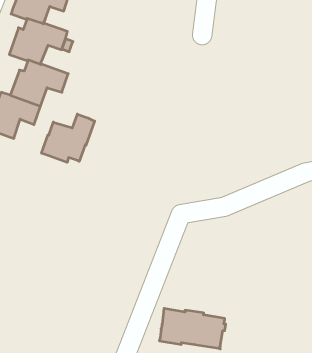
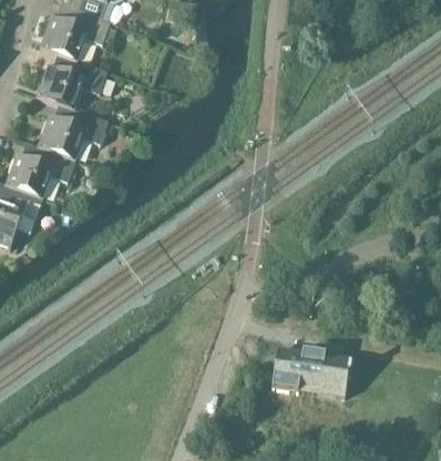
building: [42,114,95,162] -> none
building: [159,308,226,349] -> [273,347,352,396]

